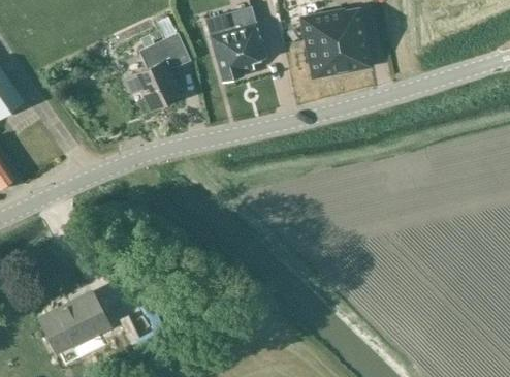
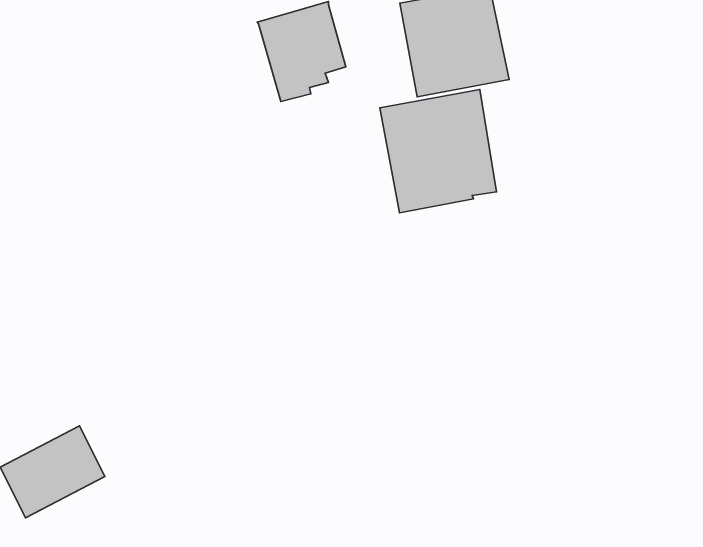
building: [125,33,189,111] -> none
building: none -> [380,89,497,213]

